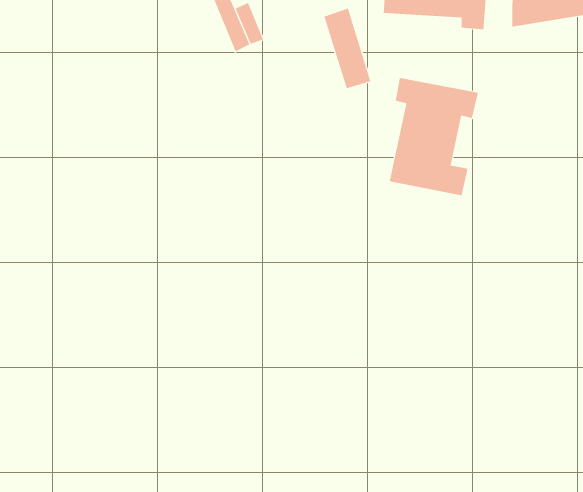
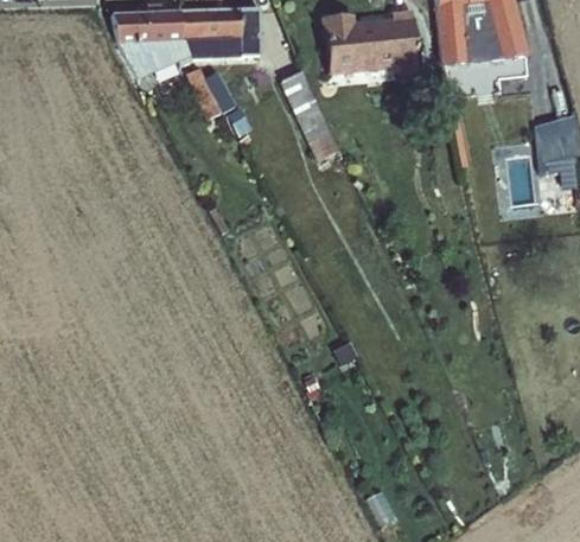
building: [389,77,478,196] -> none

